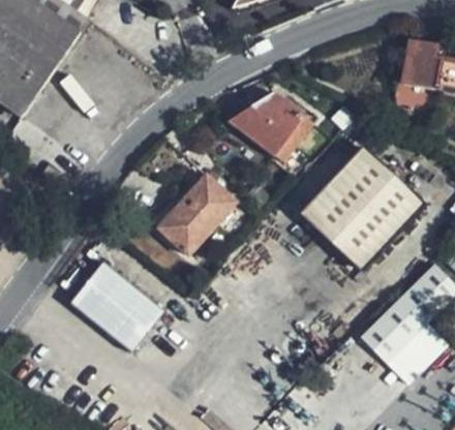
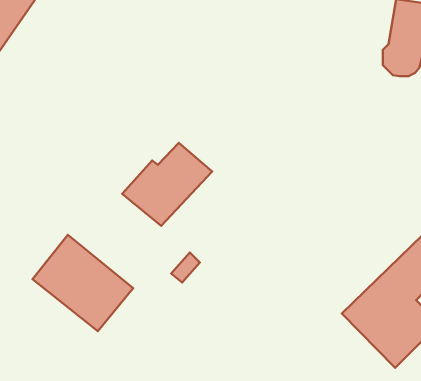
building: [230,93,313,160] -> none
building: [303,150,422,267] -> none

